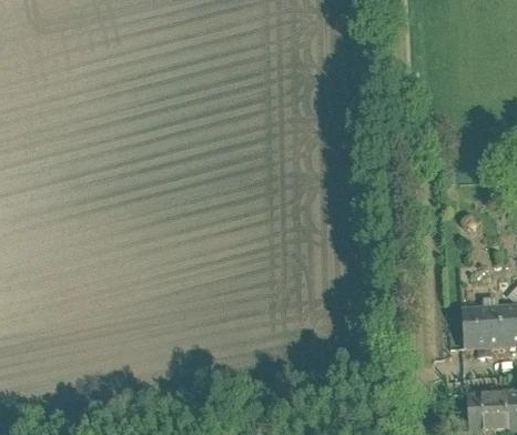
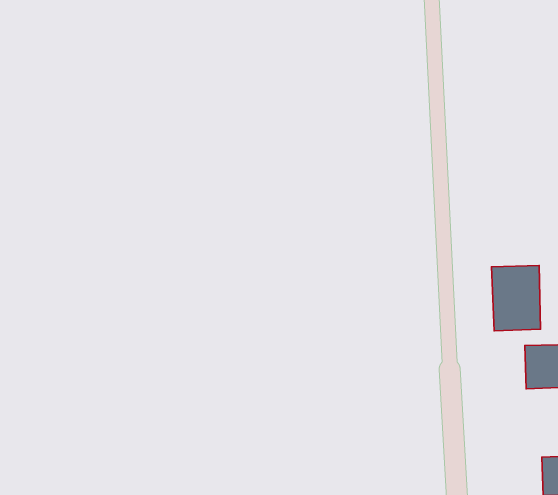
building: none -> [491,265,540,331]

